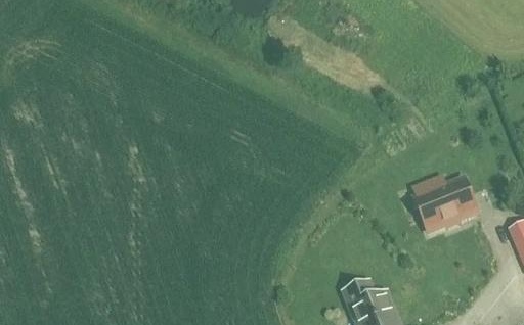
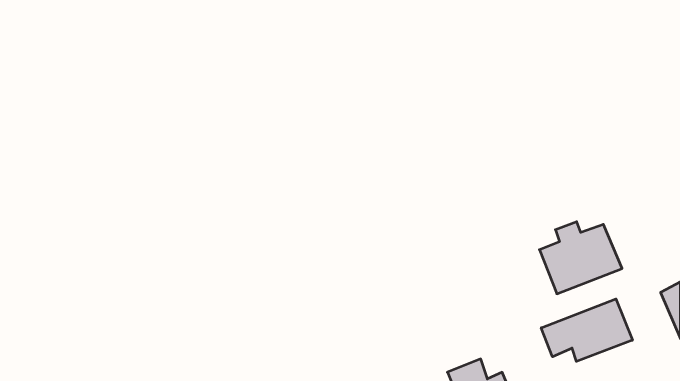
building: none -> [541,299,632,361]

